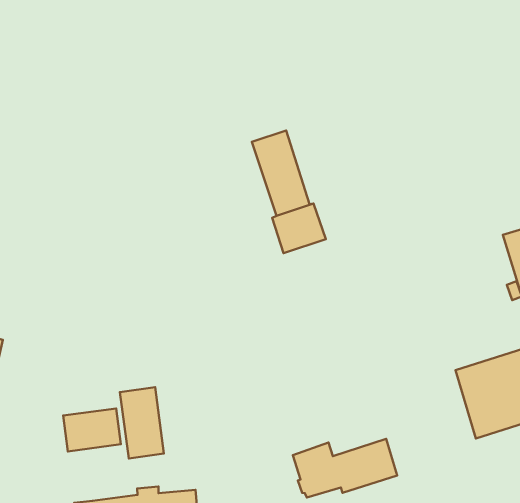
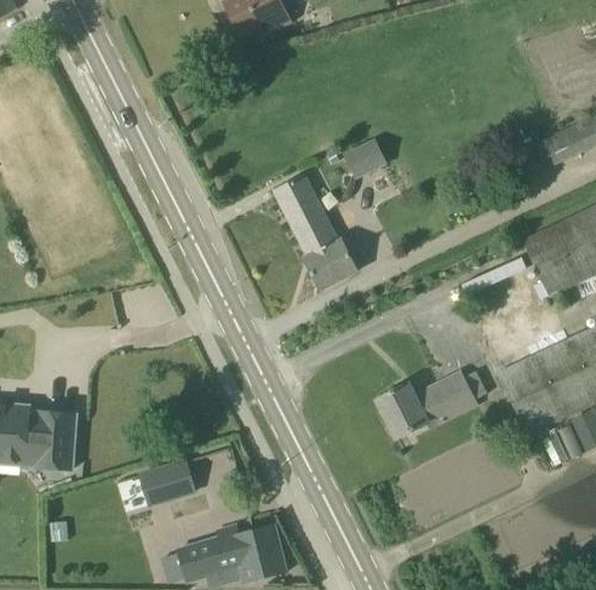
building: none -> [343,137,388,178]
building: [120,387,164,458] -> none
building: [293,439,397,498] -> [377,371,477,437]

